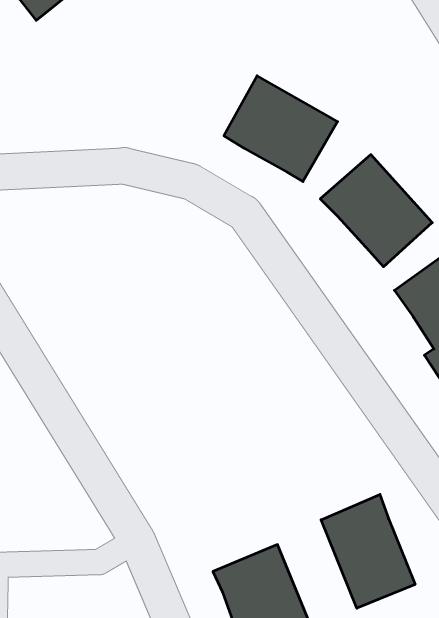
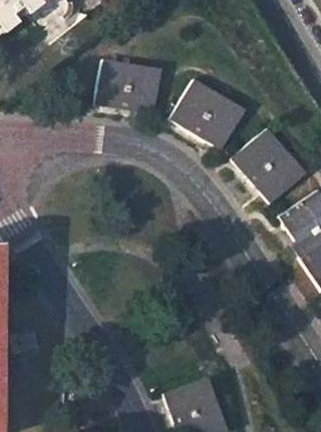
building: none -> [98,56,164,110]
building: [321,494,415,608] -> none

